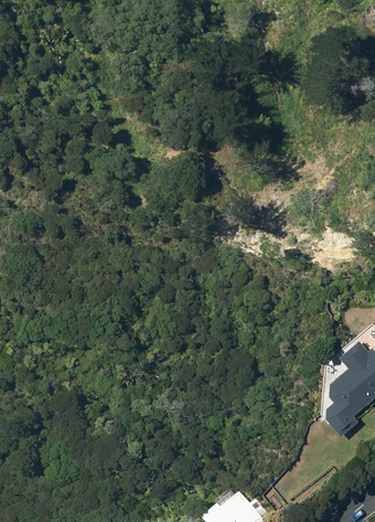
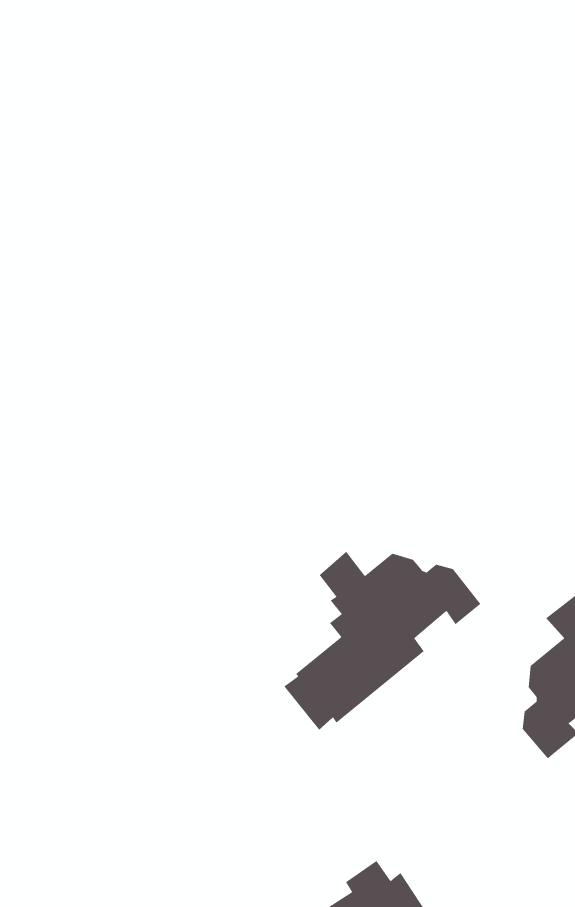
building: none -> [284,551,481,730]

